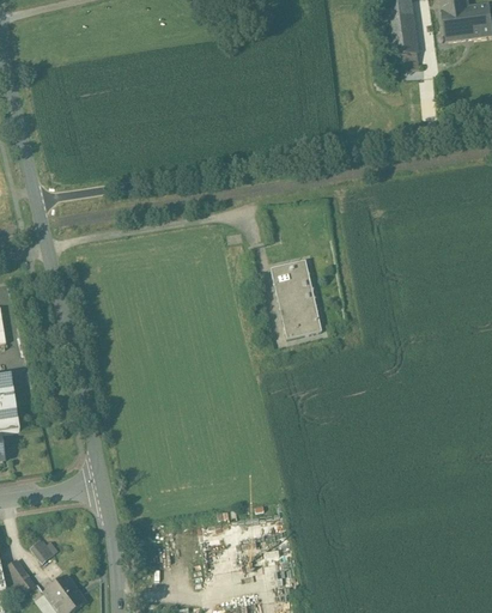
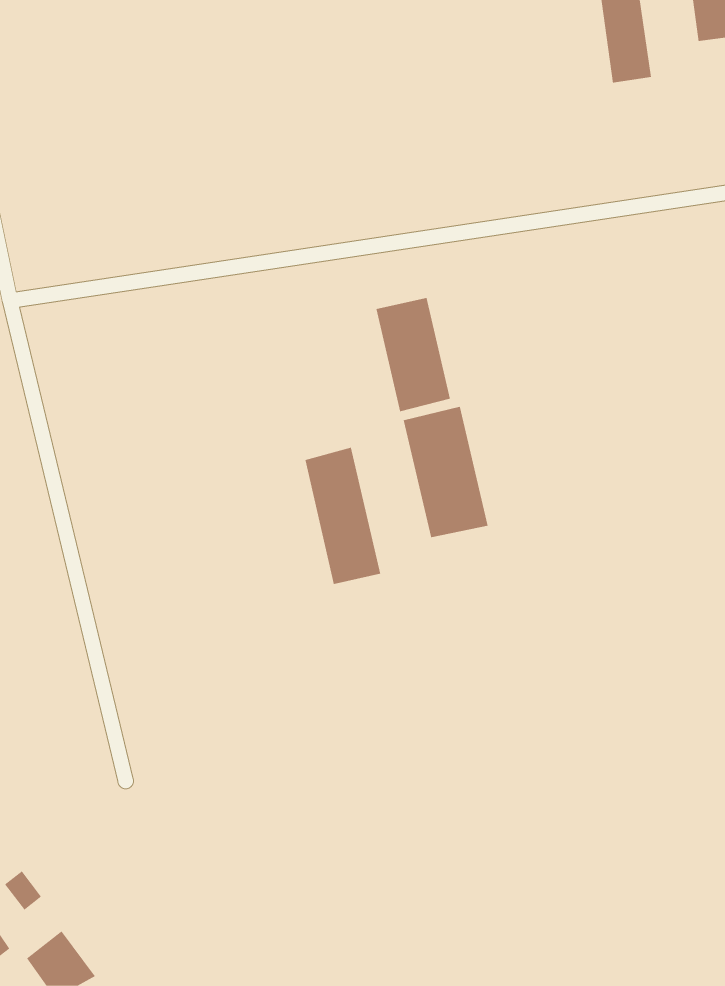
building: none -> [376,297,450,412]
building: none -> [305,447,381,585]

